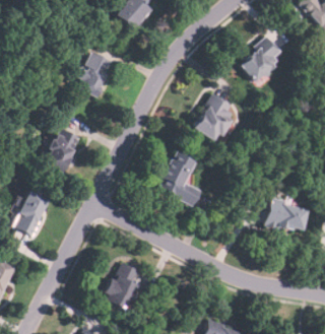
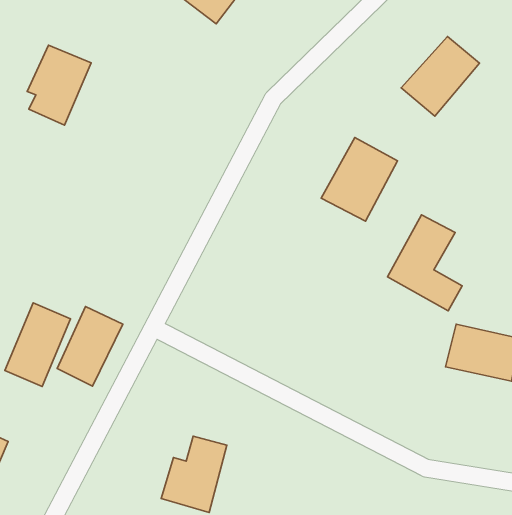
building: [76,51,113,96] -> [27,45,91,125]
building: [44,127,81,173] -> [57,306,123,386]
building: [158,151,201,206] -> [388,215,462,311]

